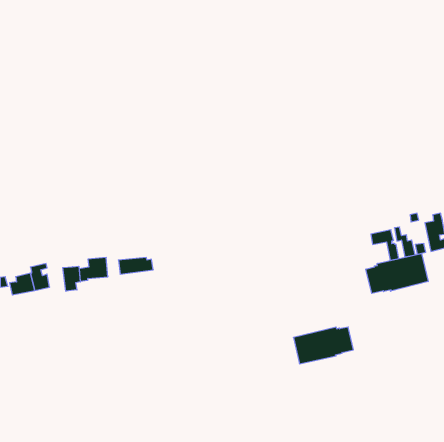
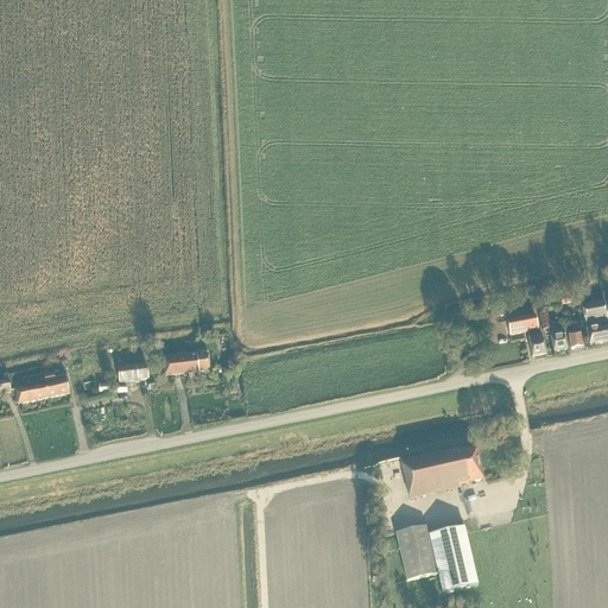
building: [366,254,428,293] -> none
building: [63,266,80,291] -> none
building: none -> [395,525,477,593]

